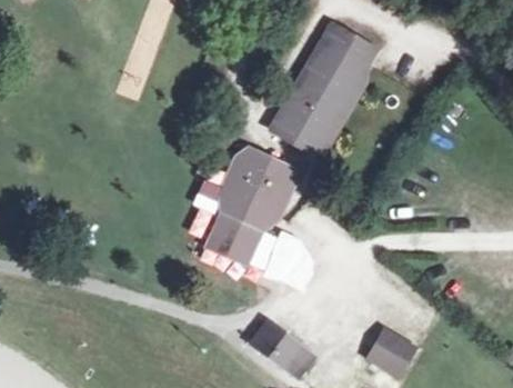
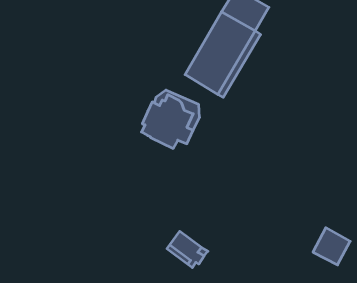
building: [210,205,275,261] -> none
building: [368,329,413,375] -> [313,228,350,265]

